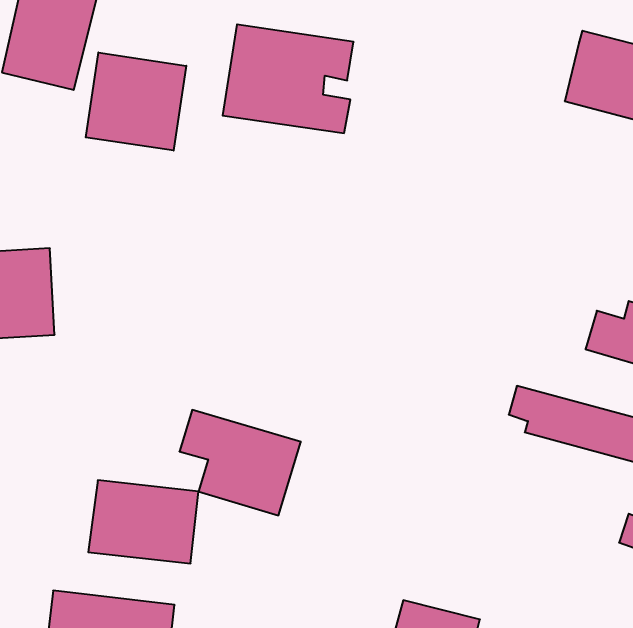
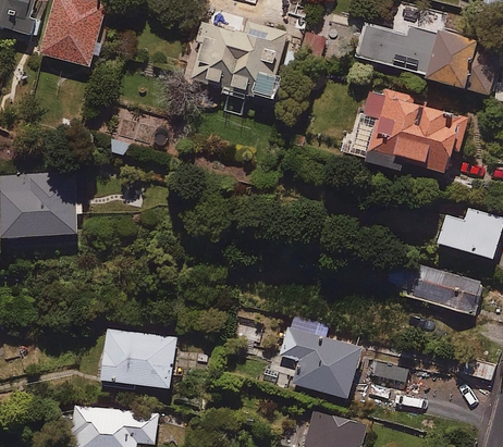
building: none -> [357,24,434,73]
building: [86,52,186,151] -> none
building: none -> [352,87,463,170]
building: [179,410,301,515] -> [280,326,363,398]

